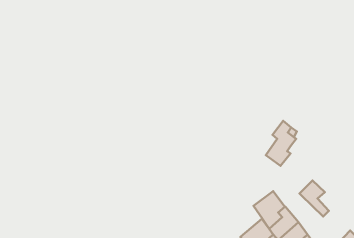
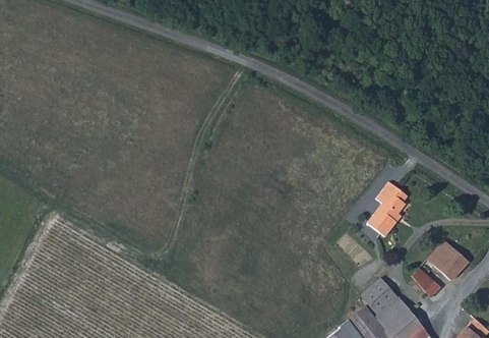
building: none -> [427,239,468,279]

